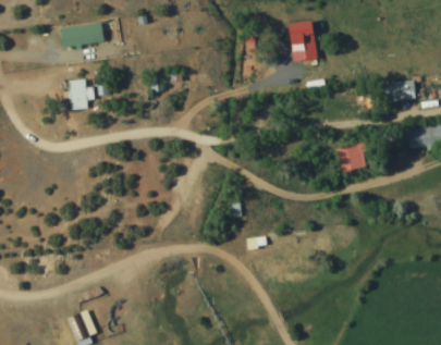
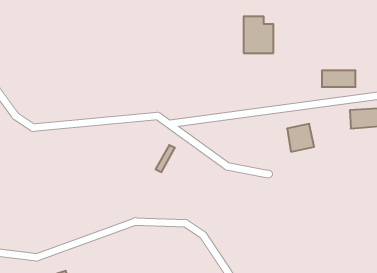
building: [61,24,103,44] -> none
building: [71,78,91,108] -> none

